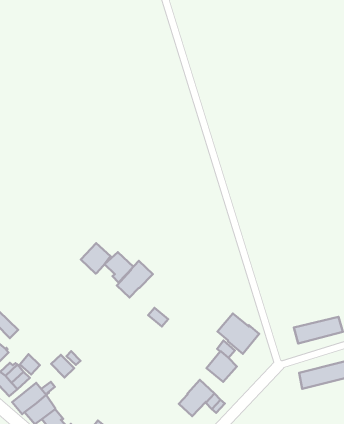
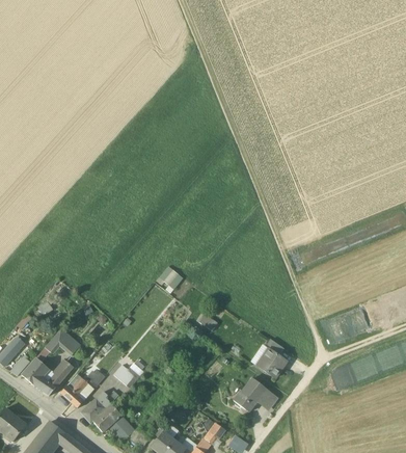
building: [81,243,111,273] -> none
building: [117,261,153,298] -> none
building: [218,313,259,354] -> none

